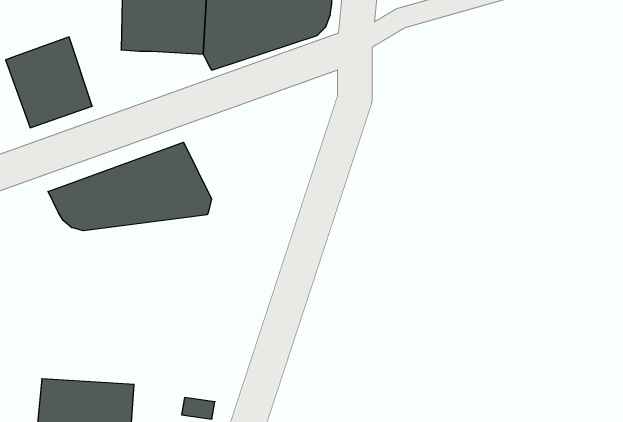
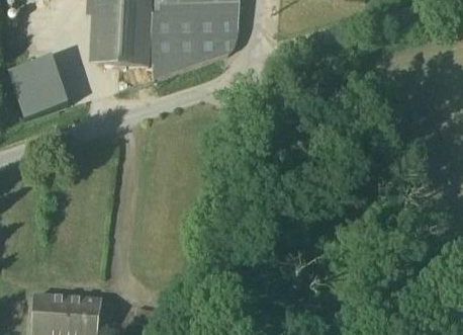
building: [48,142,211,231] -> none

